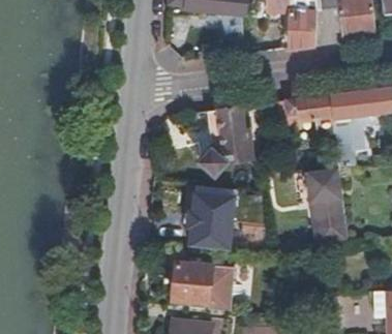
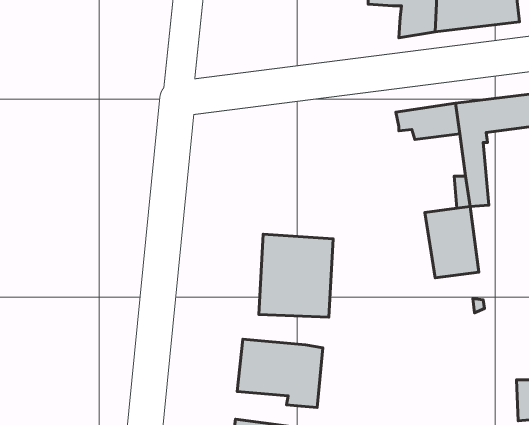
building: [199,107,251,175] -> none

